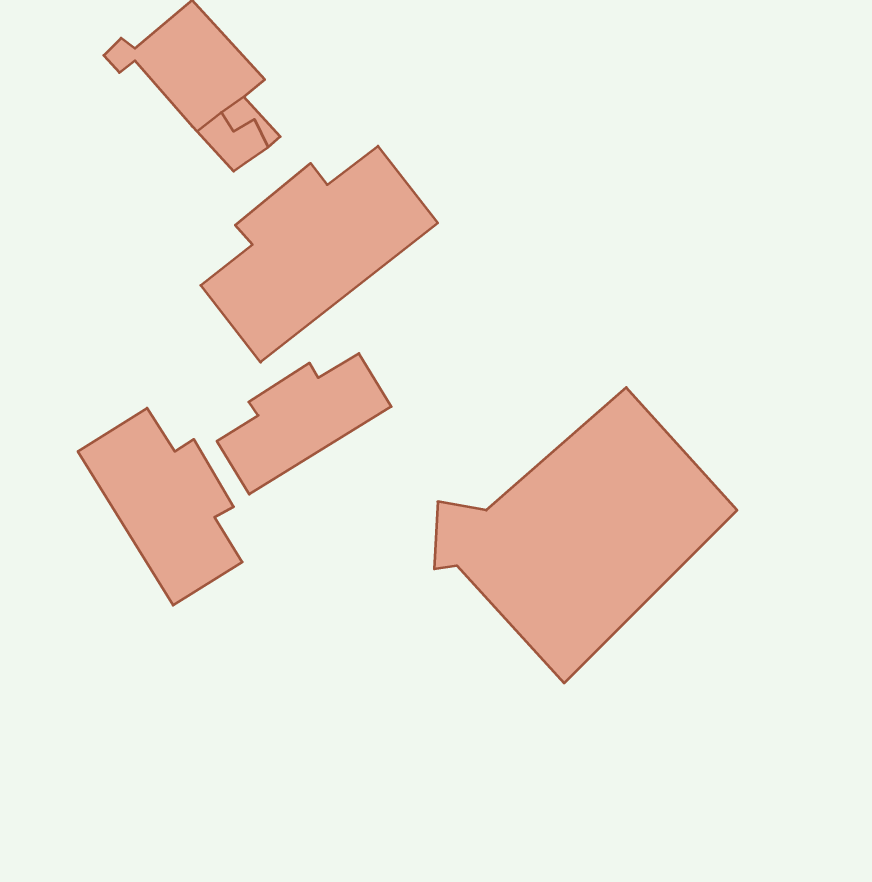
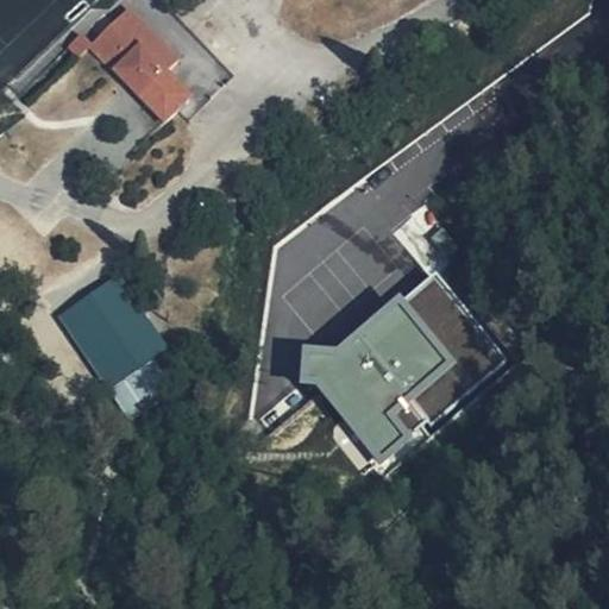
building: [201,146,438,362] -> none
building: [217,353,391,494] -> none

